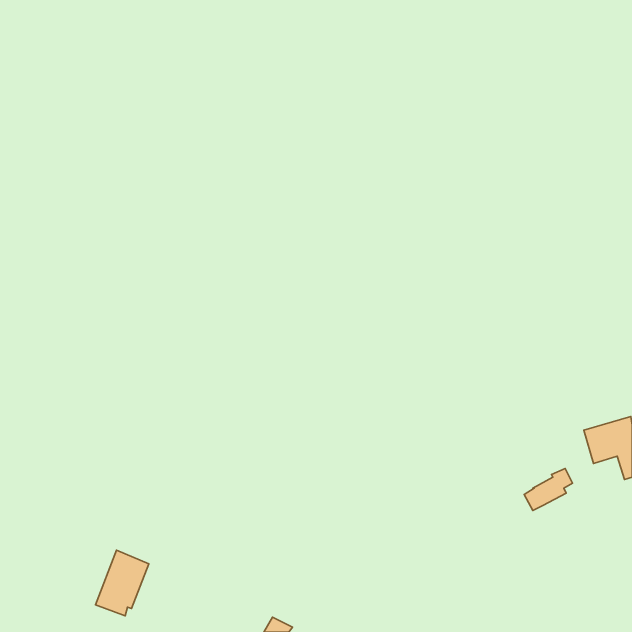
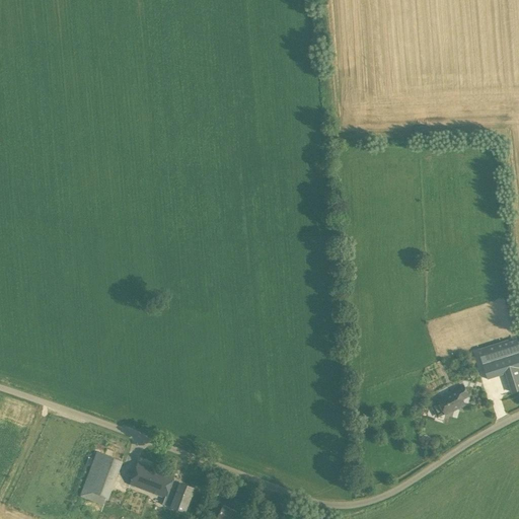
building: none -> [129,461,193,511]

